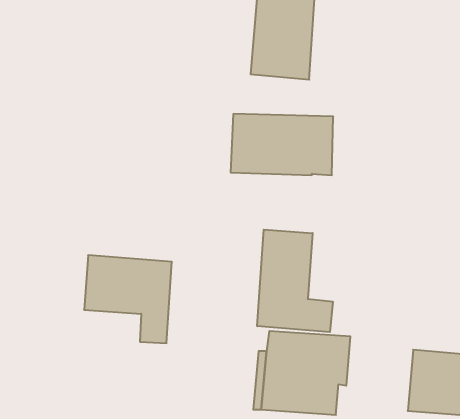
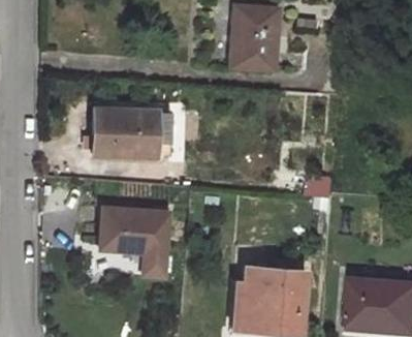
building: [231,114,333,175] -> [93,109,172,156]
building: [257,230,333,332] -> none

